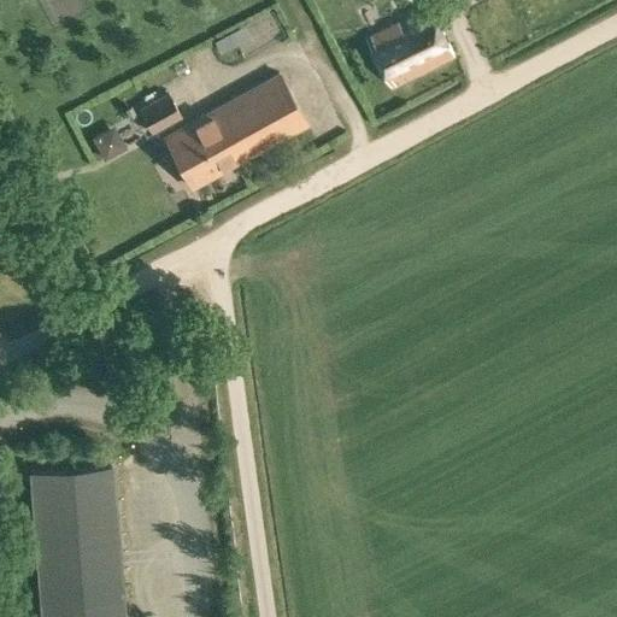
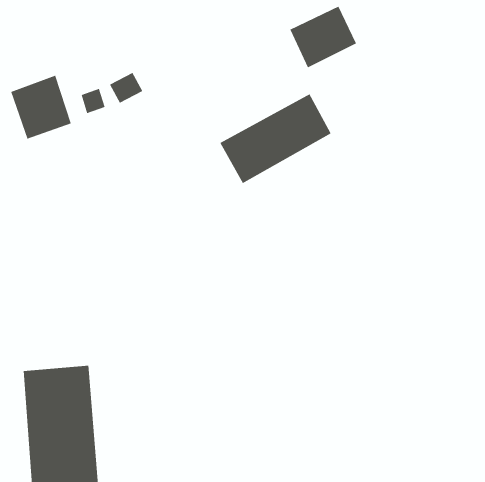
building: [164,77,306,192] -> [220,94,332,184]
building: none -> [10,75,72,139]

